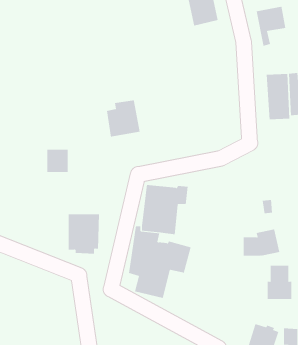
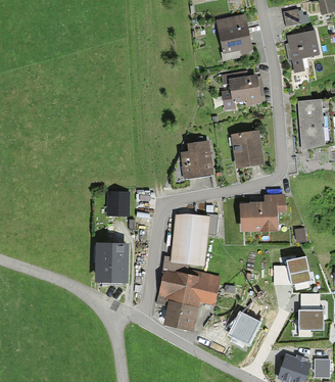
building: none -> [223,75,259,104]
building: [106,100,140,137] -> [180,144,214,182]
building: none -> [232,133,265,171]
building: [46,149,69,172] -> [106,191,129,214]
building: none -> [239,195,287,234]
building: none -> [231,314,259,343]

